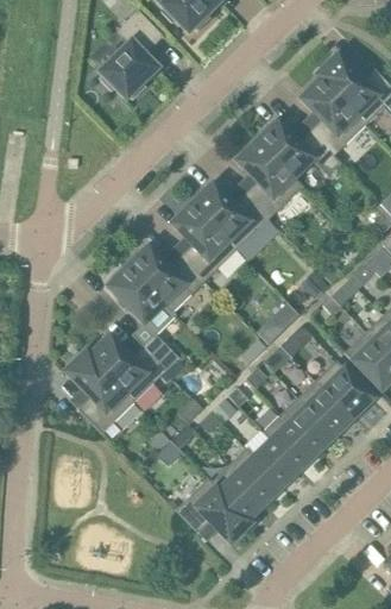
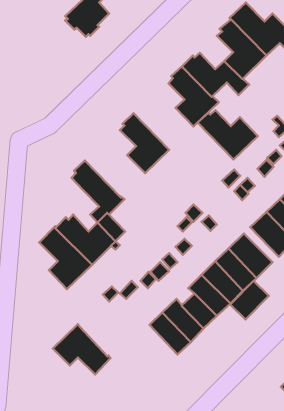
building: [190,184,270,250] -> [198,110,258,159]
building: [126,246,206,313] -> none
building: none -> [230,281,269,319]
building: [176,478,252,545] -> [53,324,110,374]

